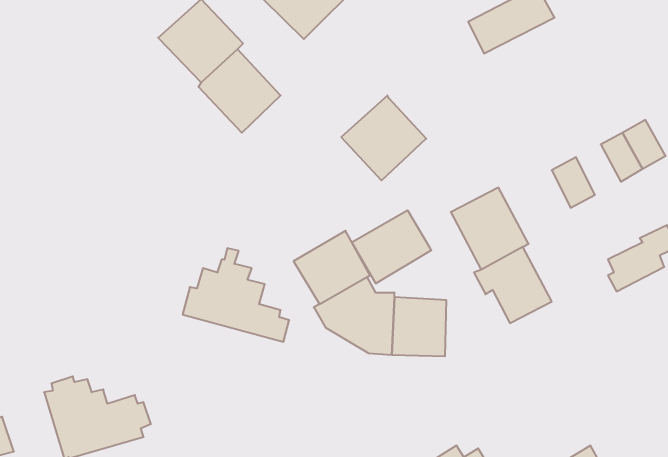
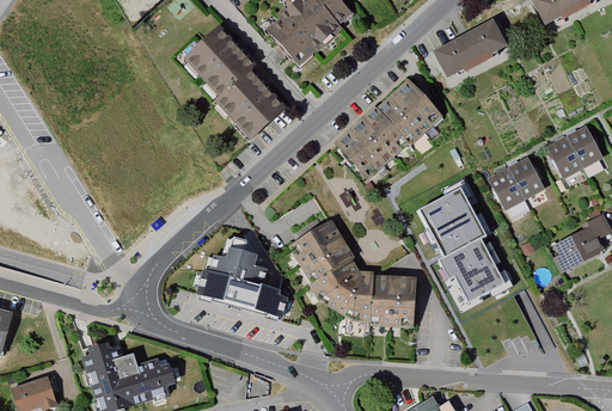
building: none -> [371,82,437,149]
building: none -> [486,172,521,214]
building: [352,210,431,284] -> none

